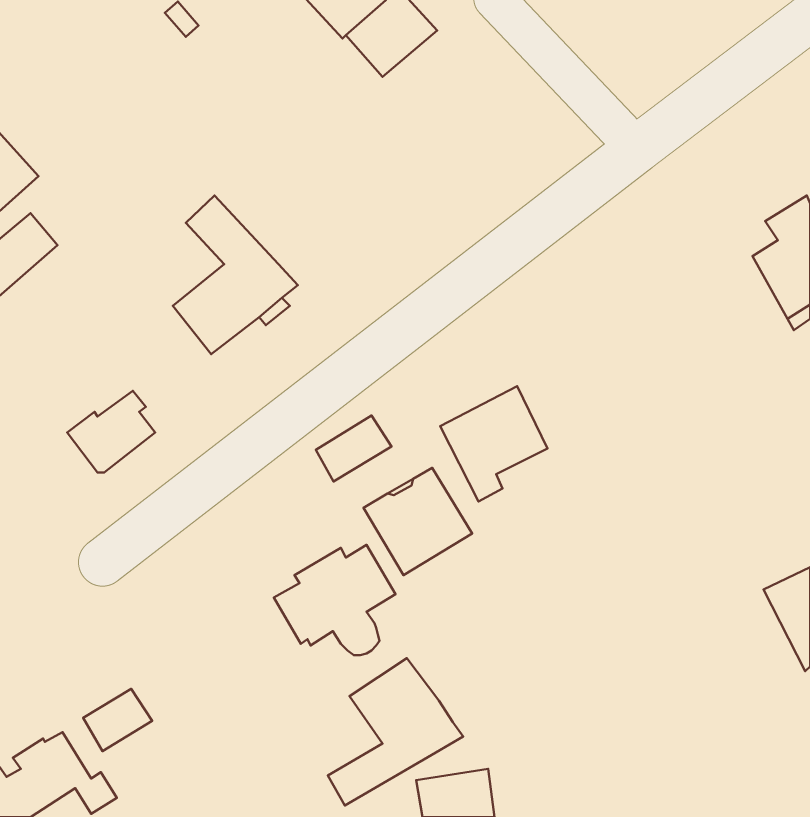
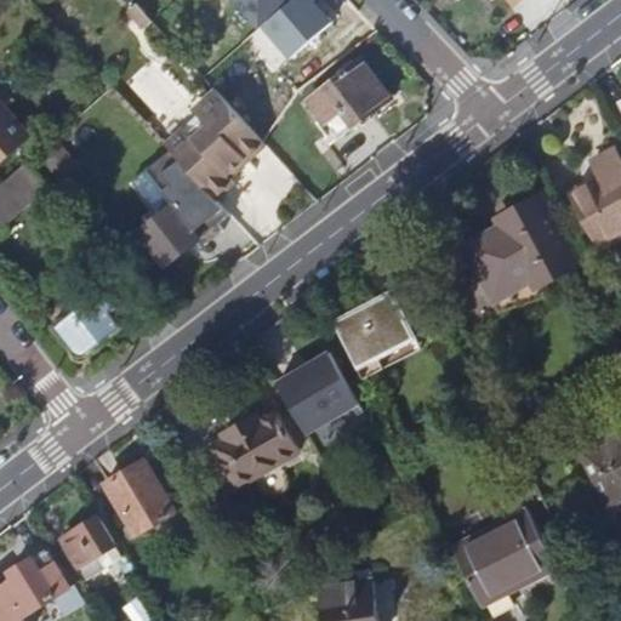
building: none -> [307,59,388,125]
building: none -> [160,87,262,200]
building: none -> [468,196,575,298]
building: [316,416,392,482] -> none
building: none -> [104,460,177,539]
building: [328,658,463,806] -> none
building: none -> [446,509,549,605]

